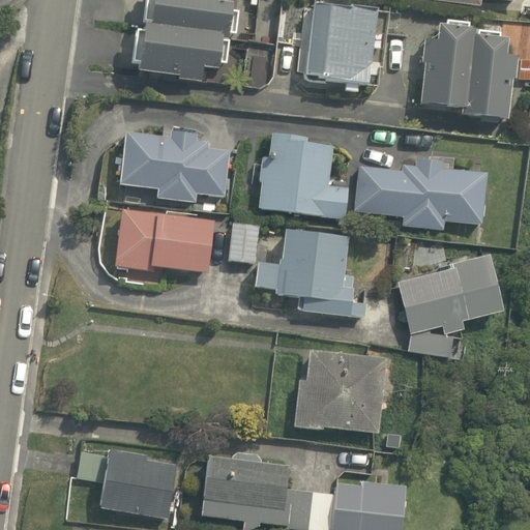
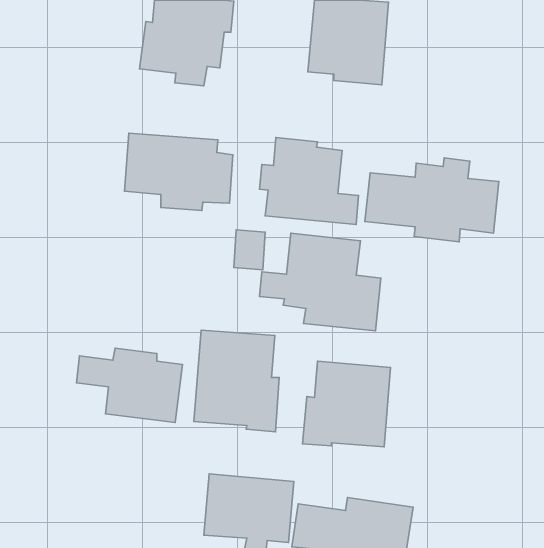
building: [423,23,516,118] -> none
building: [113,209,217,271] -> none
building: [398,255,500,338] -> none
building: none -> [194,330,279,432]
building: [75,449,177,521] -> [76,348,183,422]

